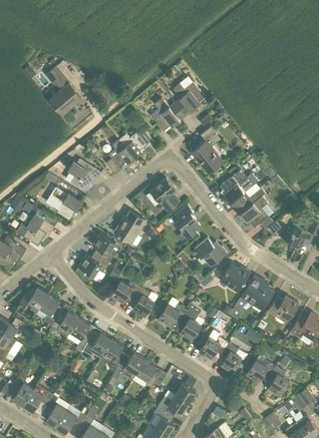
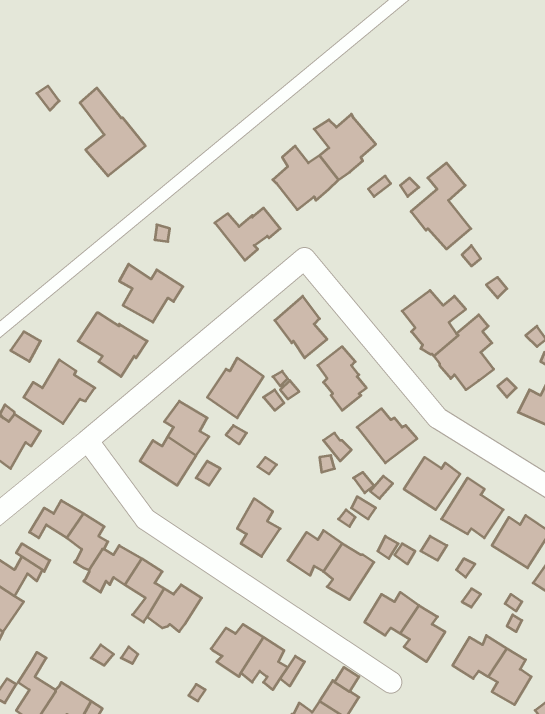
building: [191,126,223,172] -> [411,163,471,249]
building: [105,138,134,173] -> none
building: [110,280,139,303] -> none
building: [102,339,124,371] -> none

